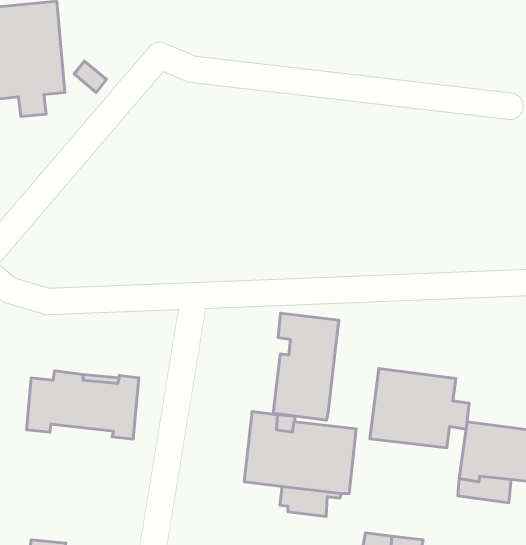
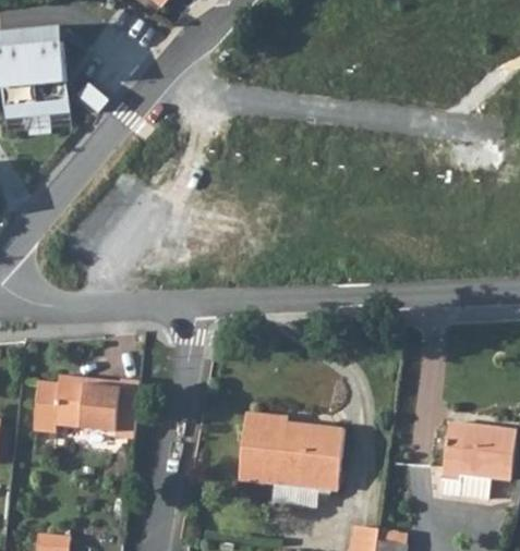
building: [273,313,339,420] -> none
building: [370,368,469,448] -> none

